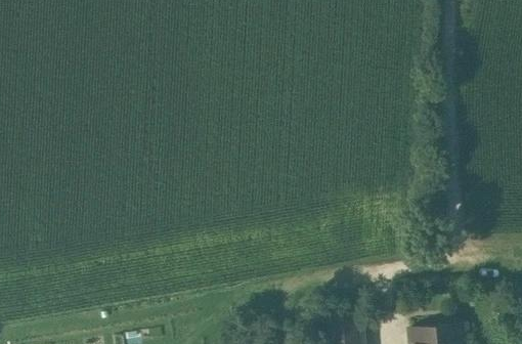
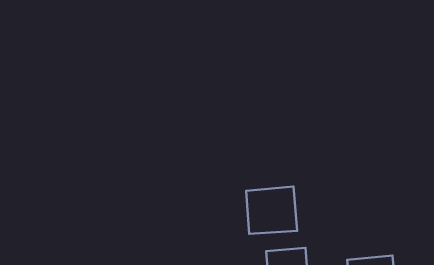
building: none -> [246,187,297,234]

